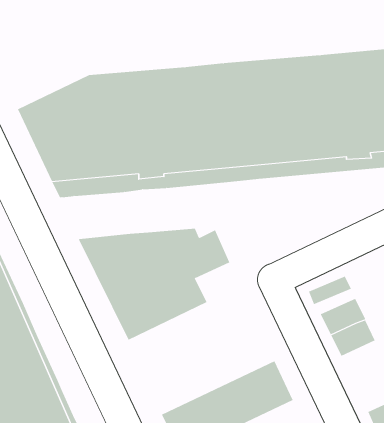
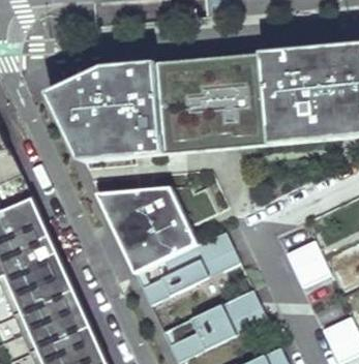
building: none -> [134,232,238,305]

